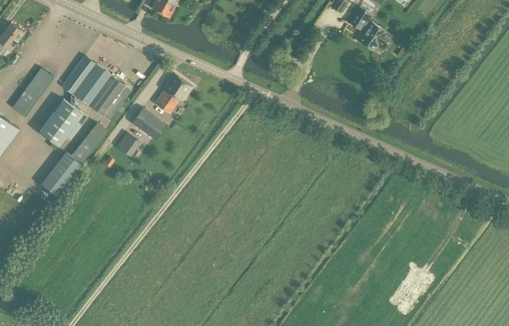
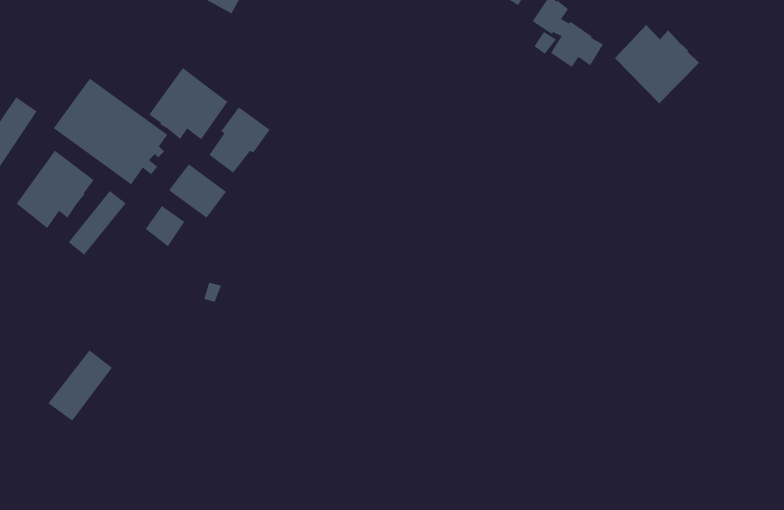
building: none -> [614,24,700,104]
building: none -> [149,67,228,140]
building: [40,152,79,196] -> [47,350,113,422]

